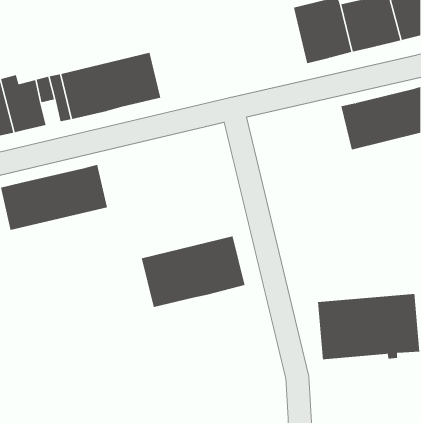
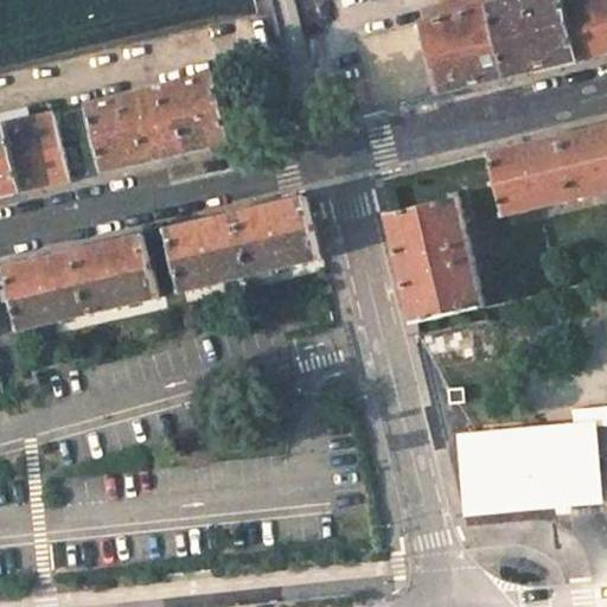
building: none -> [384,194,480,322]
building: none -> [161,197,319,292]
building: [141,236,245,308] -> none

